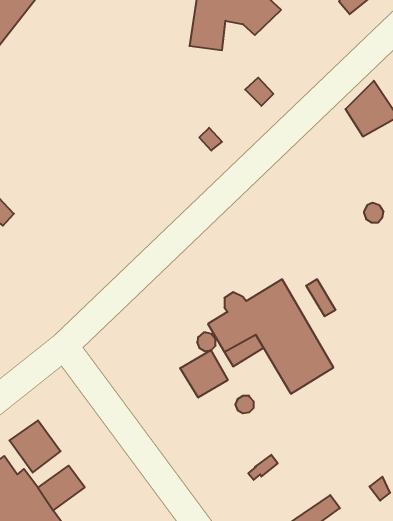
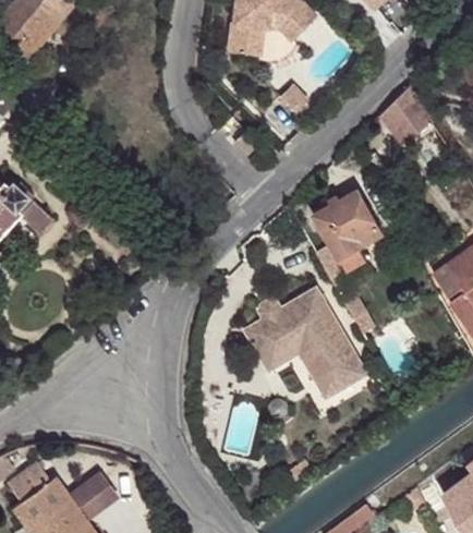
building: none -> [316,193,383,272]
building: [180,350,228,398] -> none
building: [9,420,61,473] -> none

